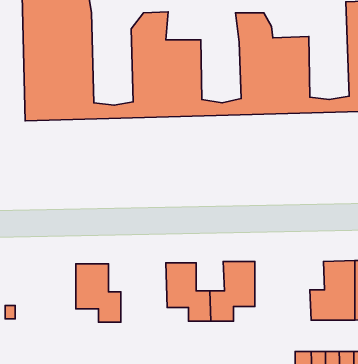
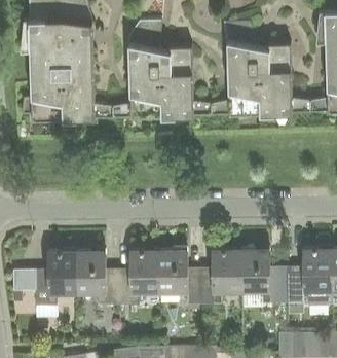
building: none -> [240,249,283,302]
building: none -> [118,250,160,305]
building: none -> [36,251,77,306]

